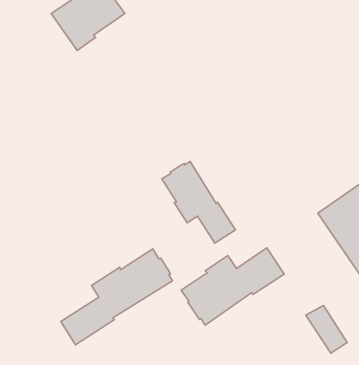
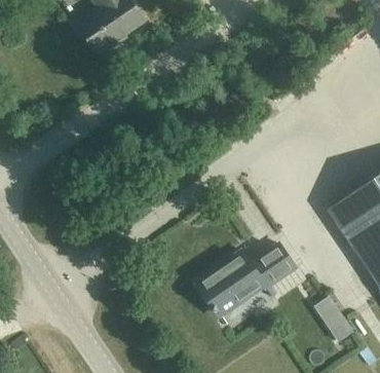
building: [162,161,236,243] -> none
building: [61,249,172,345] -> none

